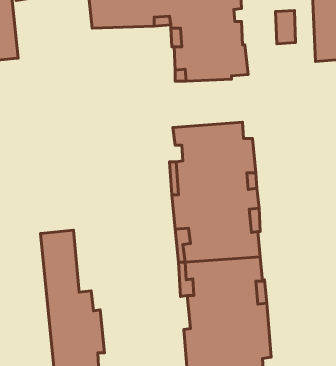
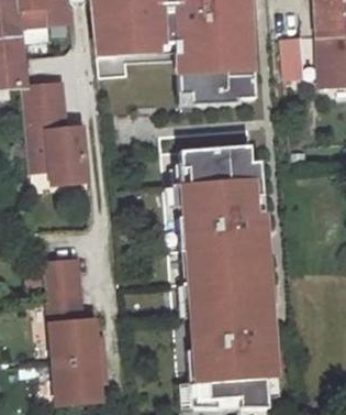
building: none -> [23,78,87,179]

